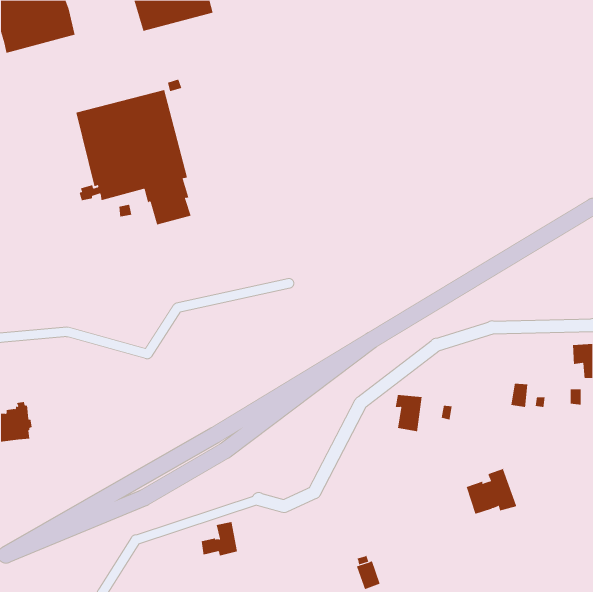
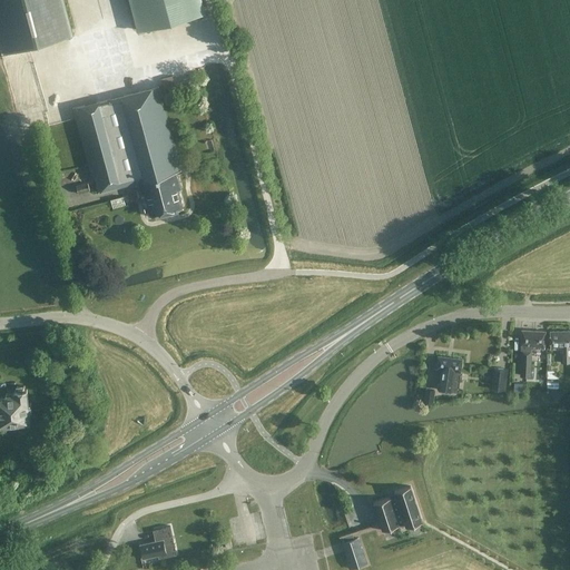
building: none -> [520,331,544,376]
building: [395,395,423,432] -> [435,357,462,393]
building: [466,468,517,515] -> [373,487,422,531]
building: [201,521,238,556] -> [140,527,176,560]

